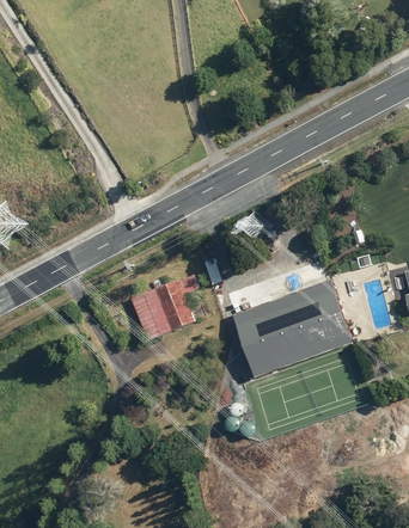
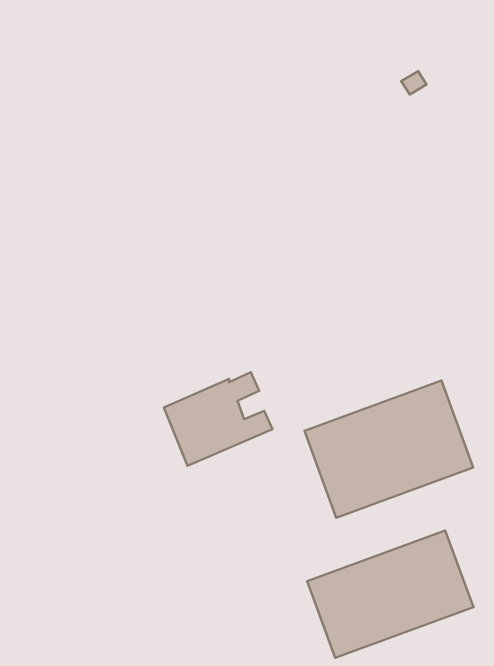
building: none -> [307,531,473,658]

